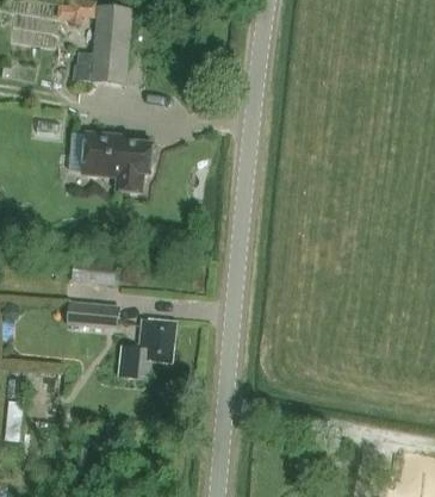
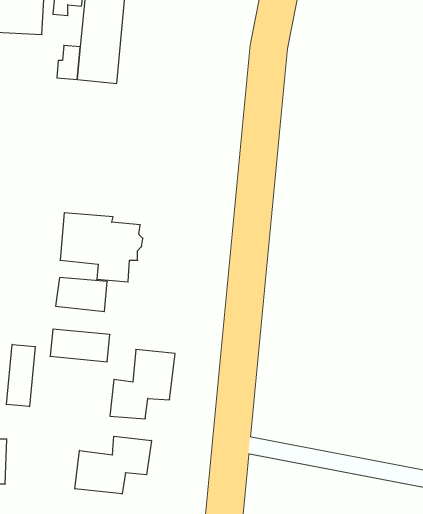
building: [81,132,154,193] -> [60,213,143,282]
building: none -> [6,344,35,407]
building: none -> [75,436,151,494]

